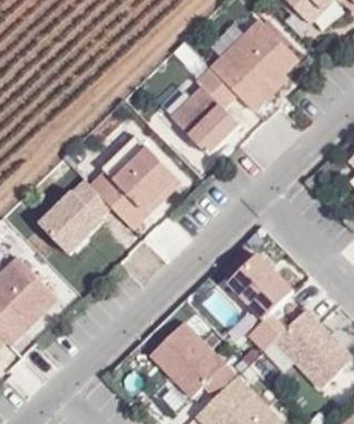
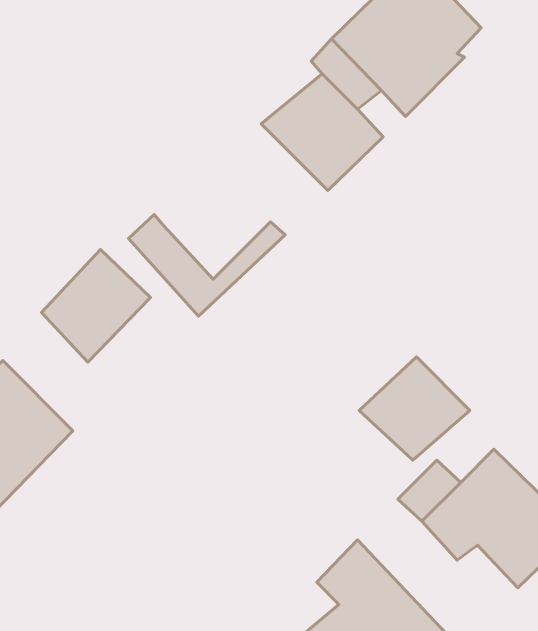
building: [111,144,174,207] -> none
building: [151,323,225,398] -> none

